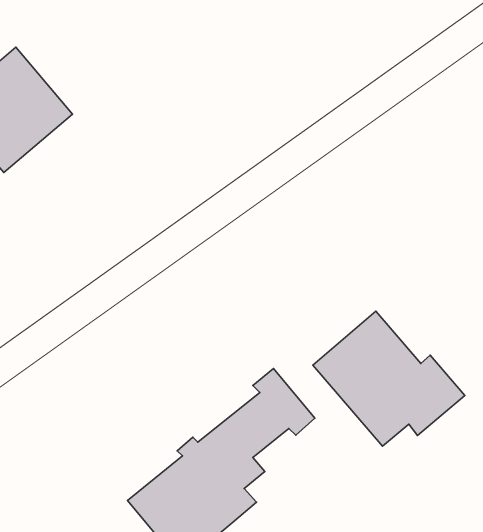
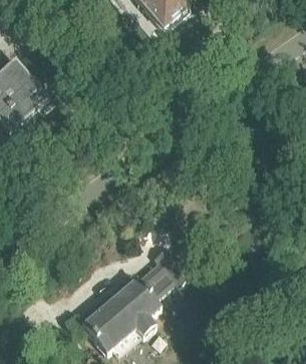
building: [313,311,465,446] -> none

